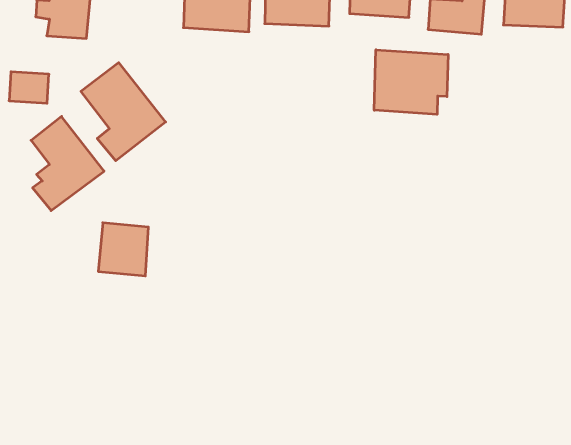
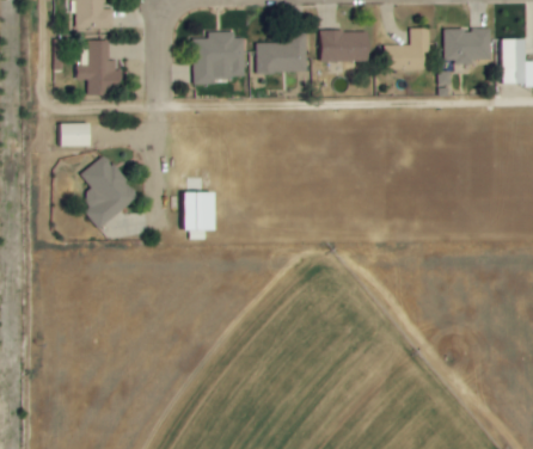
building: [374,50,448,114] -> none
building: [81,63,166,161] -> none
building: [98,223,148,276] -> [179,192,216,232]

